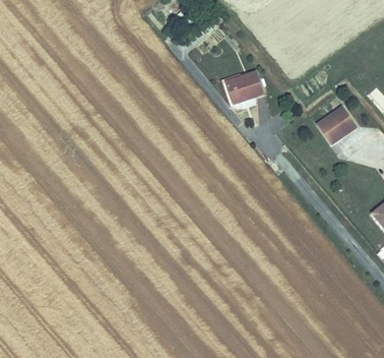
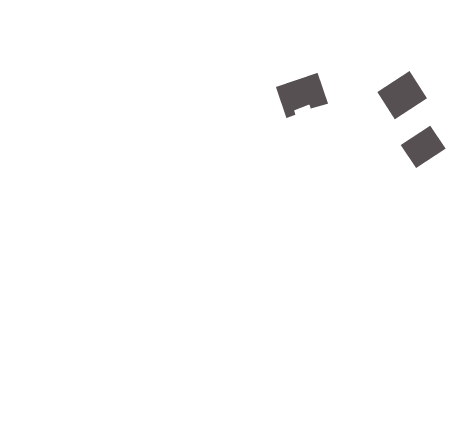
building: none -> [376,70,428,120]

